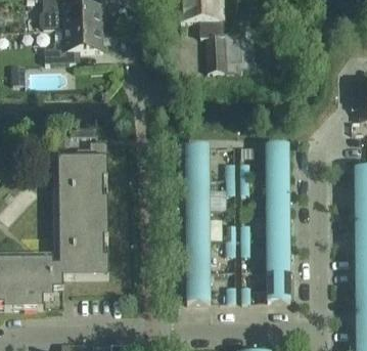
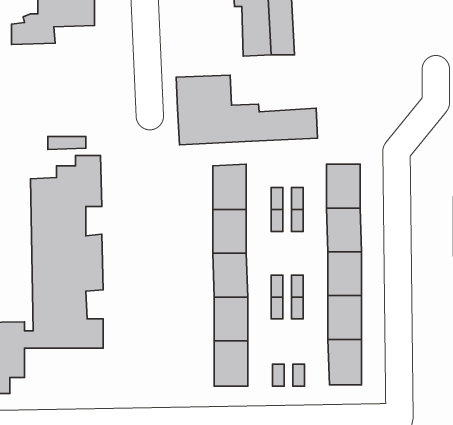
building: none -> [176,75,318,145]

